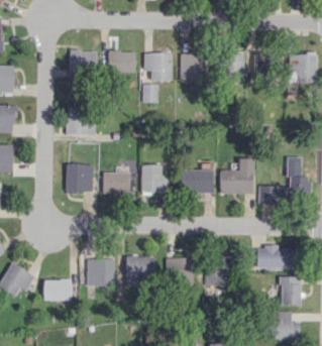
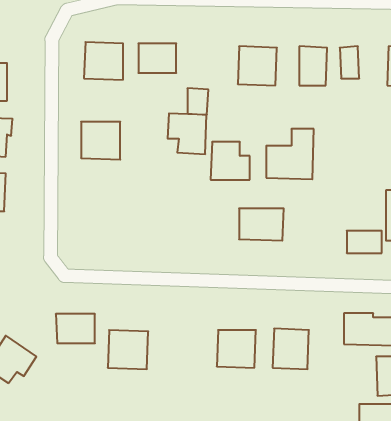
building: [144,52,173,82] -> [168,113,207,154]
building: [221,158,255,195] -> [266,129,314,179]
building: [67,164,94,193] -> none
building: [141,165,170,193] -> [211,142,250,180]
building: [103,167,130,194] -> none
building: [126,255,156,285] -> none
building: [43,279,72,301] -> [56,314,95,343]

